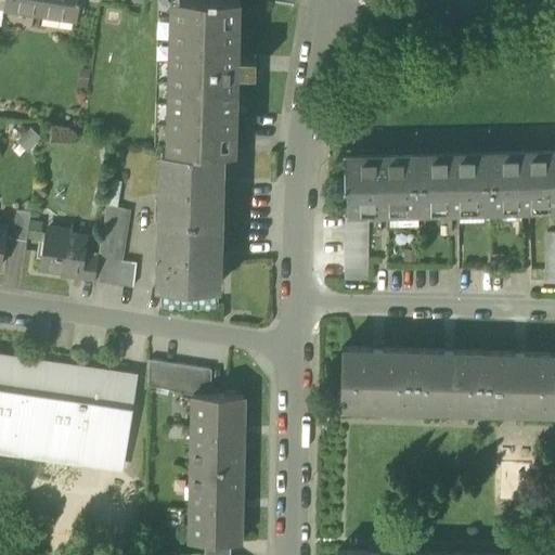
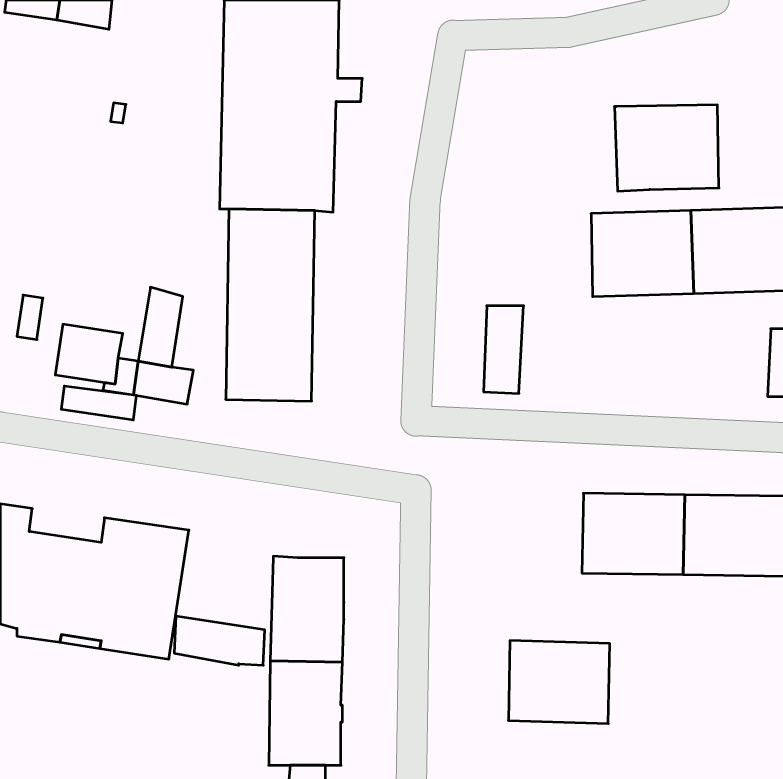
building: [346,155,420,216] -> [614,105,719,191]
building: [341,350,413,409] -> [508,641,610,724]
building: [22,363,75,387] -> [61,386,136,420]
building: [149,363,212,398] -> [174,616,265,665]

